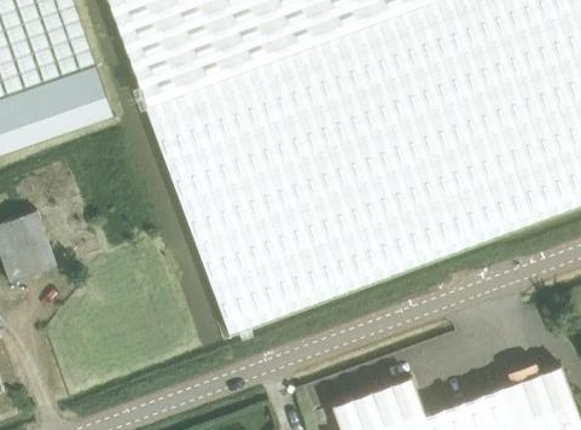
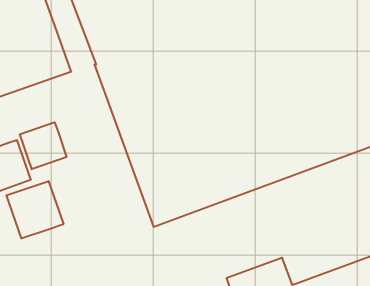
building: none -> [20,122,66,169]
building: none -> [6,181,63,238]

